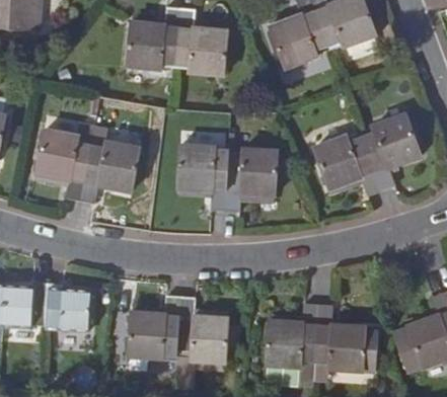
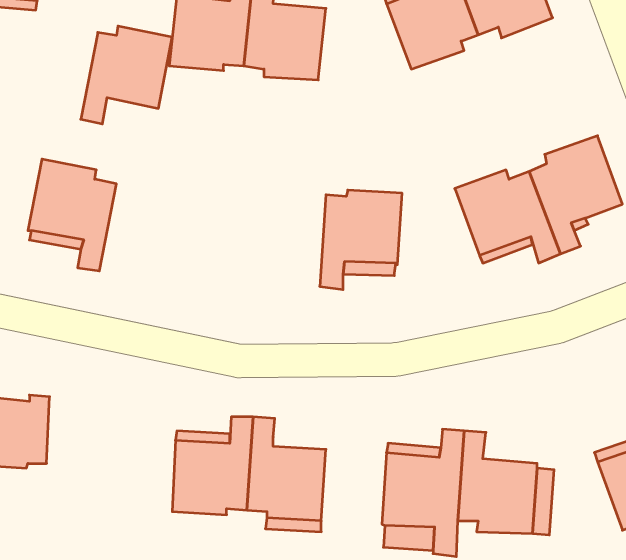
building: [80,140,140,204] -> [81,26,172,124]
building: [176,145,228,211] -> none
building: [46,283,92,333] -> none

